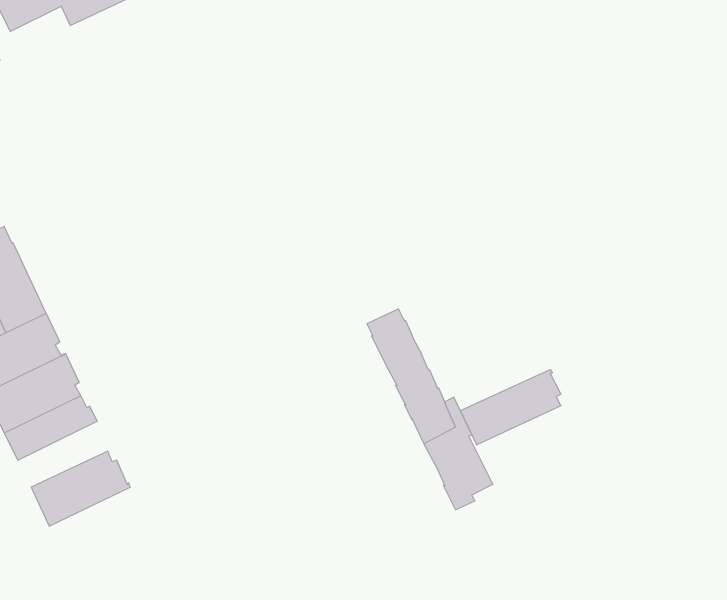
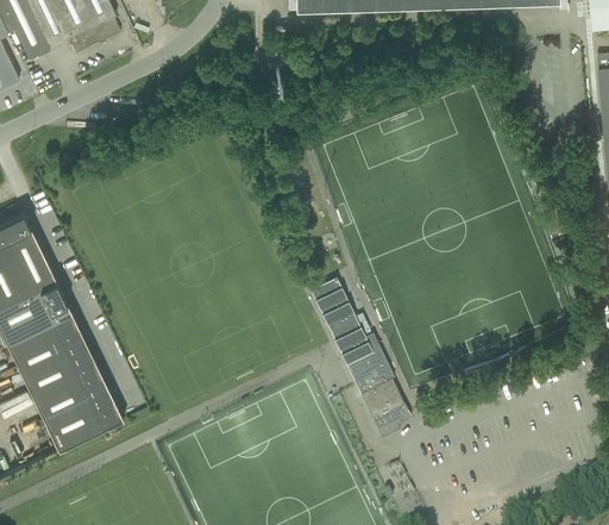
building: [460,370,561,445] -> none
building: none -> [34,368,106,420]

